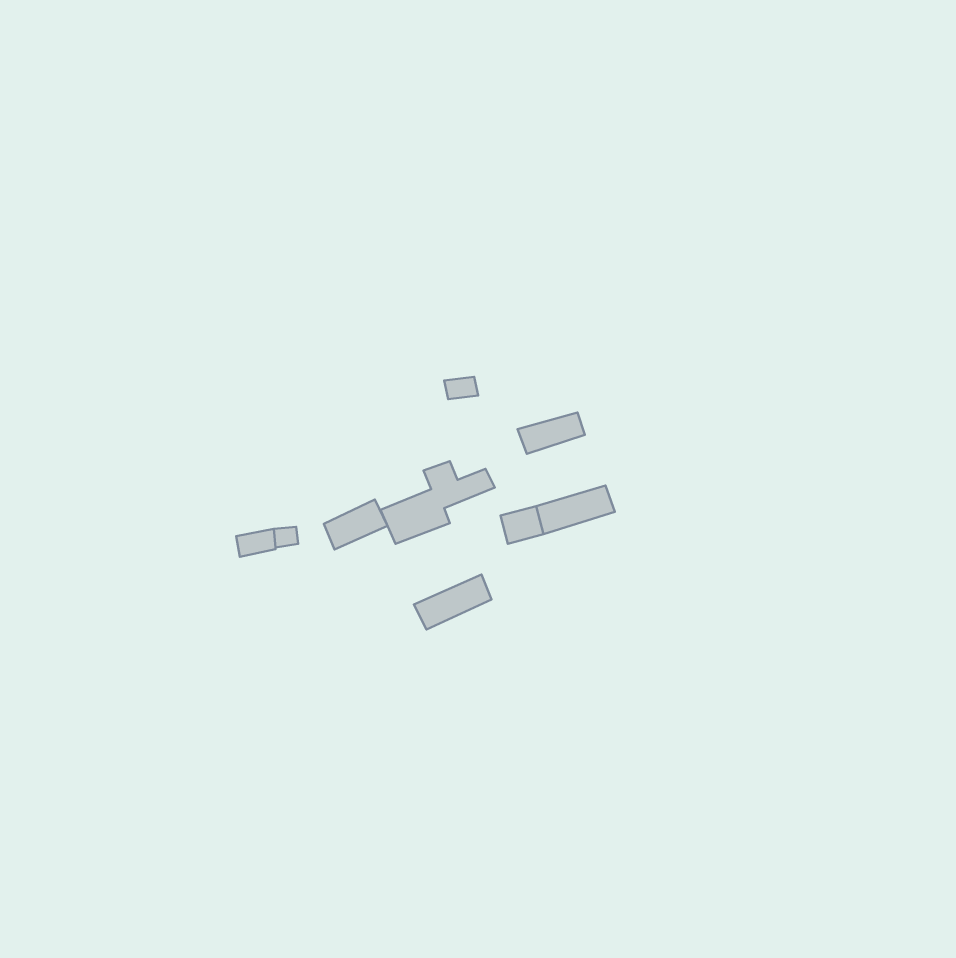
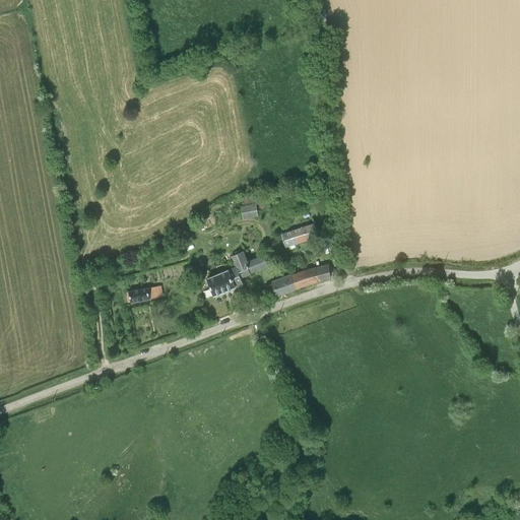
building: [324,500,388,550] -> none
building: [414,575,491,630] -> none

